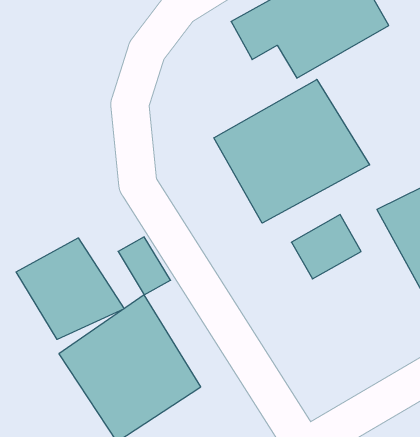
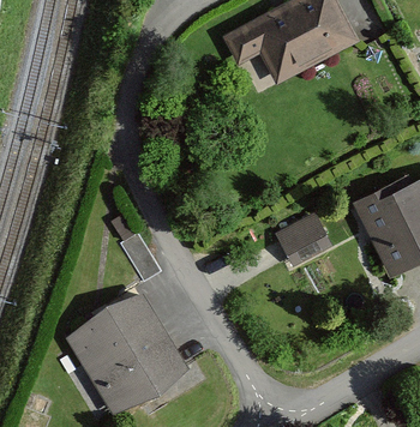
building: [214,79,370,223] -> none
building: [16,238,124,339] -> none

